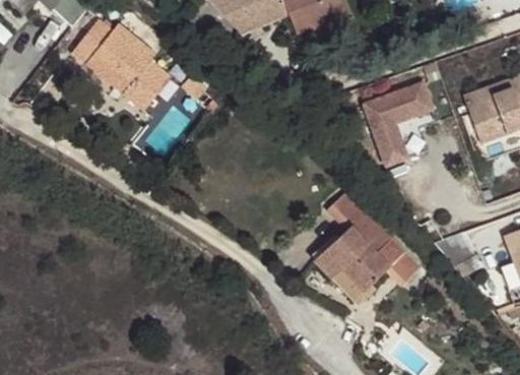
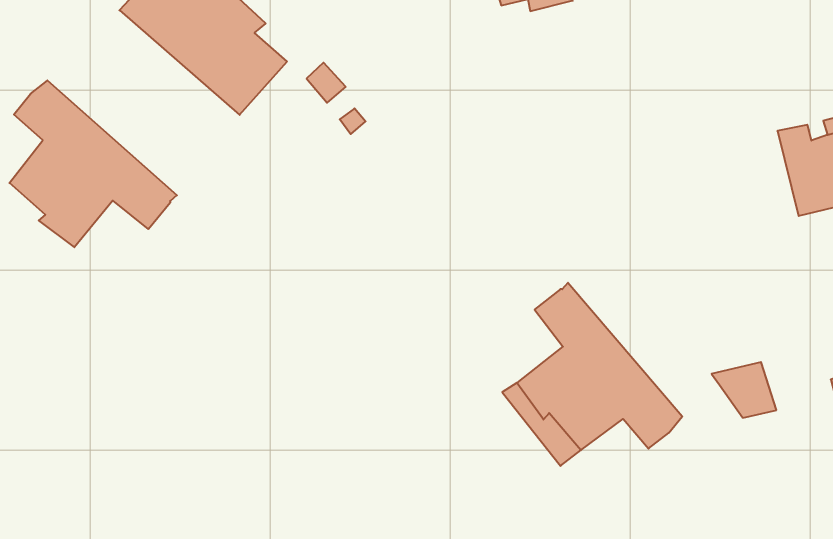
building: [366,80,430,161] -> none
building: none -> [9,80,177,247]

